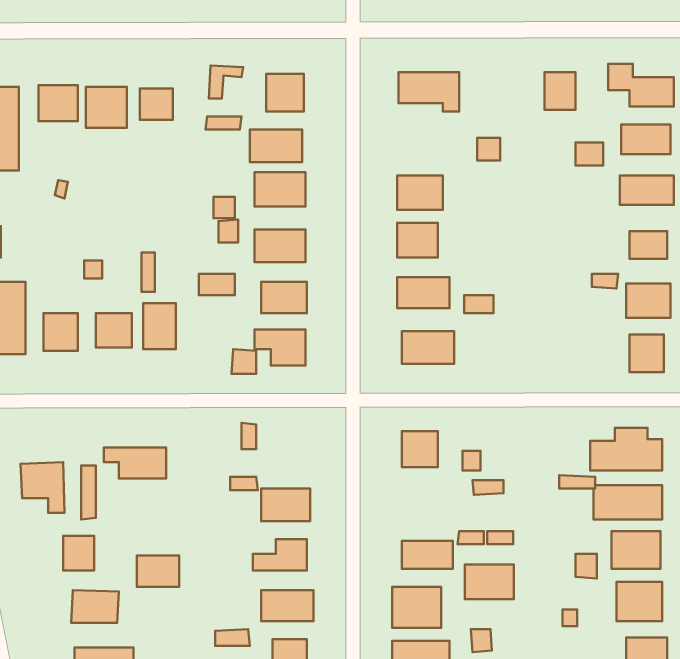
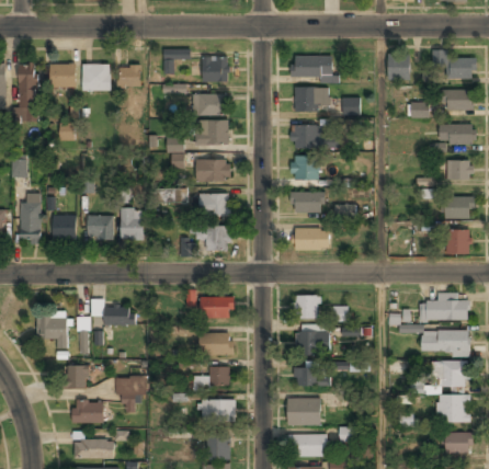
building: none -> [294,87,329,111]
building: none -> [201,298,232,319]
building: [465,565,514,599] -> [296,332,329,355]

